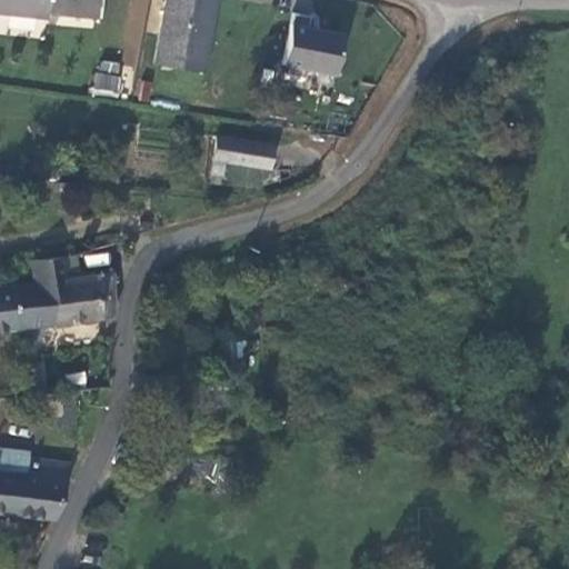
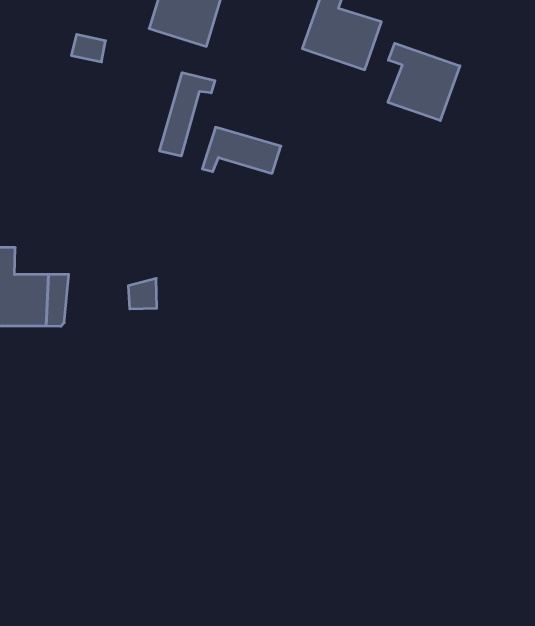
building: none -> [388,43,460,121]
building: none -> [160,73,215,156]

